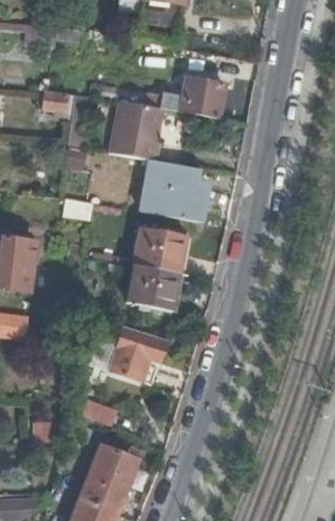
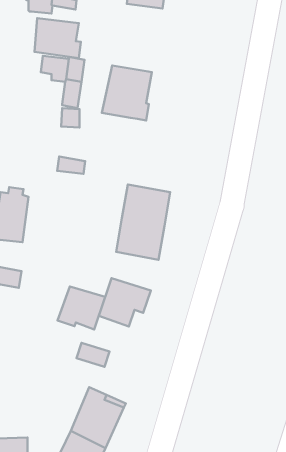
building: none -> [35,18,81,58]
building: [162,78,227,118] -> none
building: [141,158,204,220] -> none
building: none -> [57,286,105,329]

